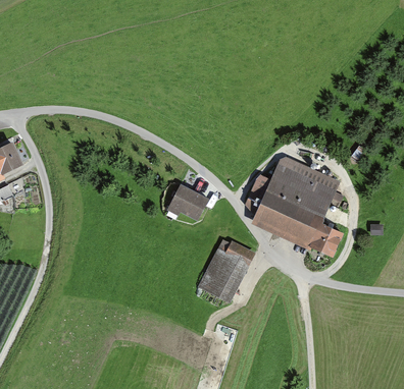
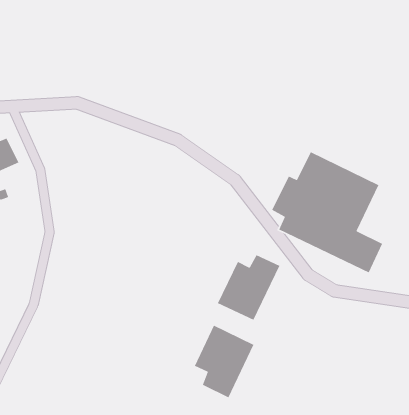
building: [168,183,209,222] -> none
building: none -> [194,325,255,398]

